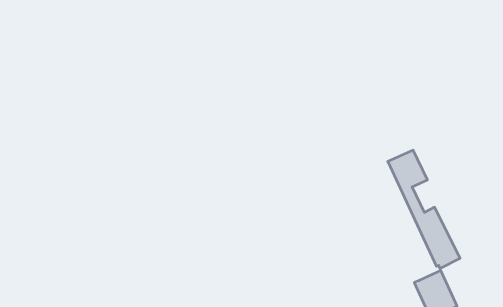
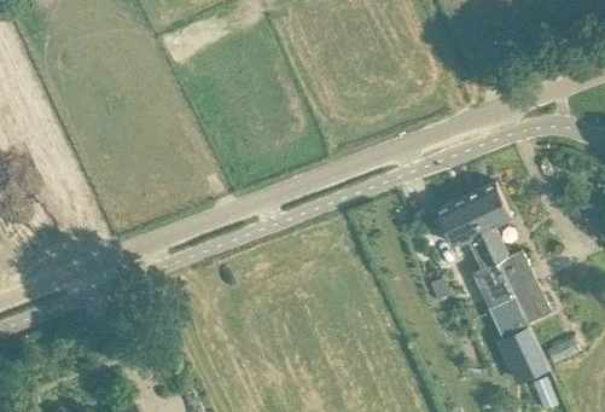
building: none -> [436,198,512,309]

